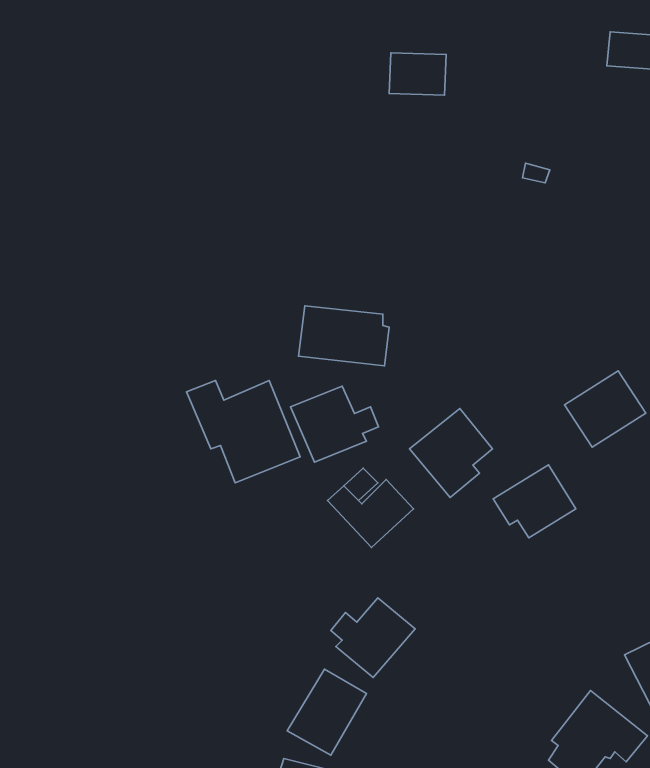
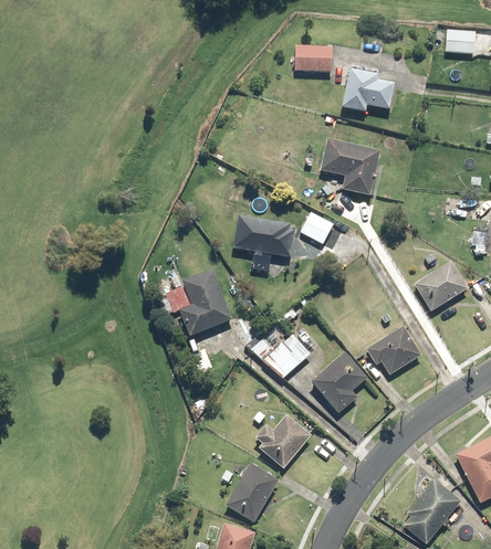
building: none -> [342,64,396,110]
building: none -> [320,137,380,194]
building: none -> [301,210,336,244]
building: [290,386,378,462] -> none
building: [410,408,492,498] -> [311,351,367,412]

